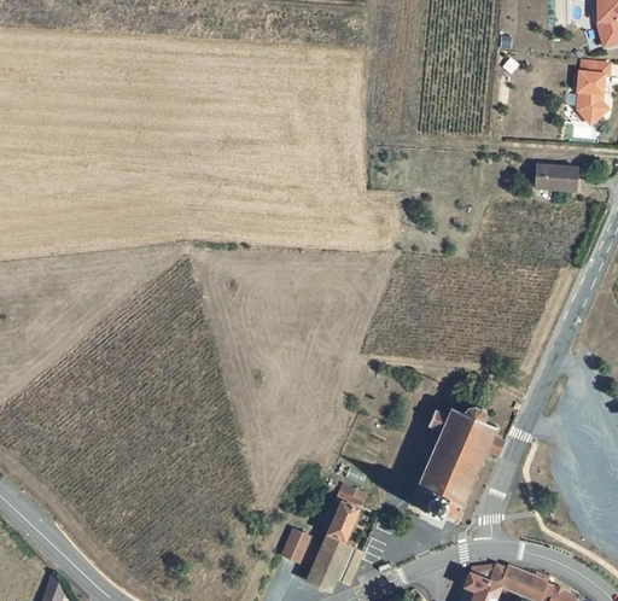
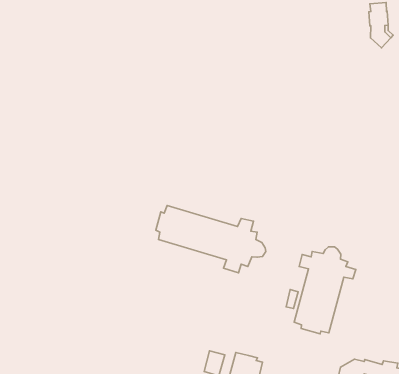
building: [534,162,577,193] -> none
building: none -> [156,206,266,273]
building: [316,488,366,538] -> none

